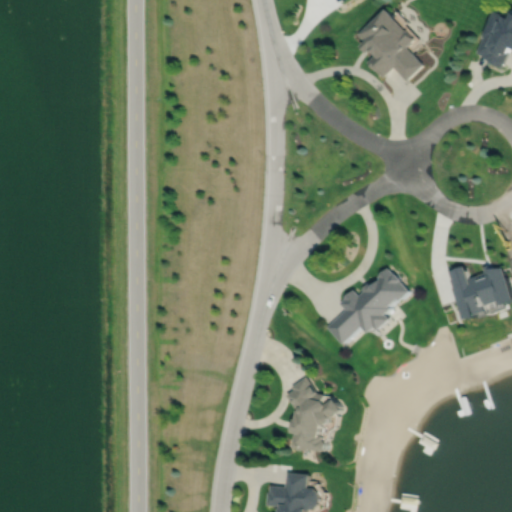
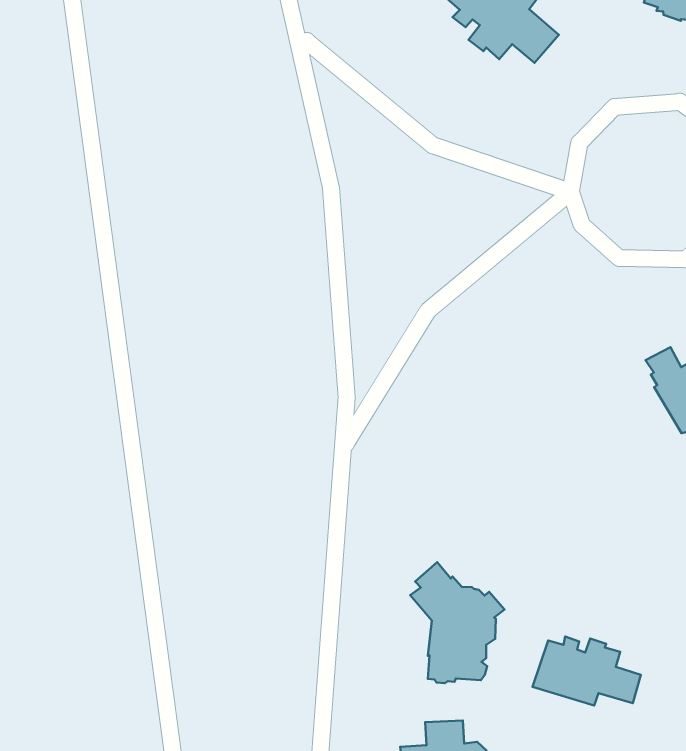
building: [327,267,410,344] -> none
building: none -> [532,637,641,705]

